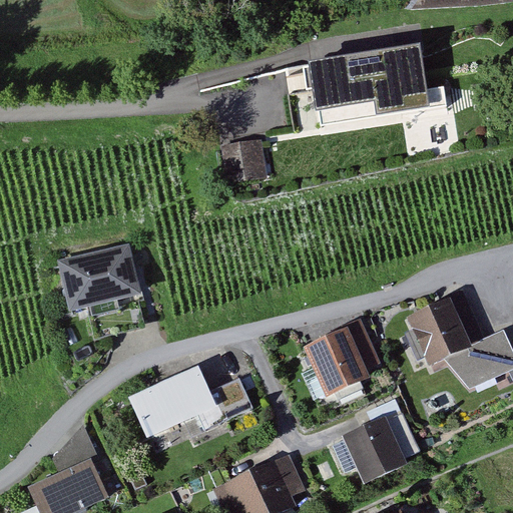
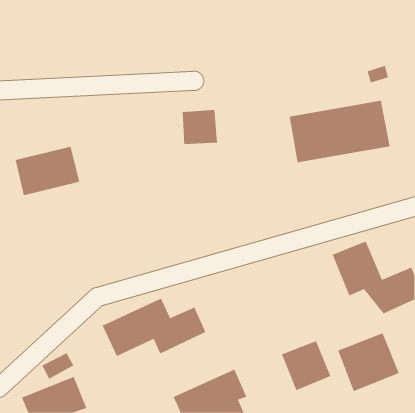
building: [305,49,430,126] -> [289,100,391,163]
building: [58,246,138,308] -> [15,146,80,196]
building: [306,321,381,389] -> none
building: none -> [338,332,399,392]

